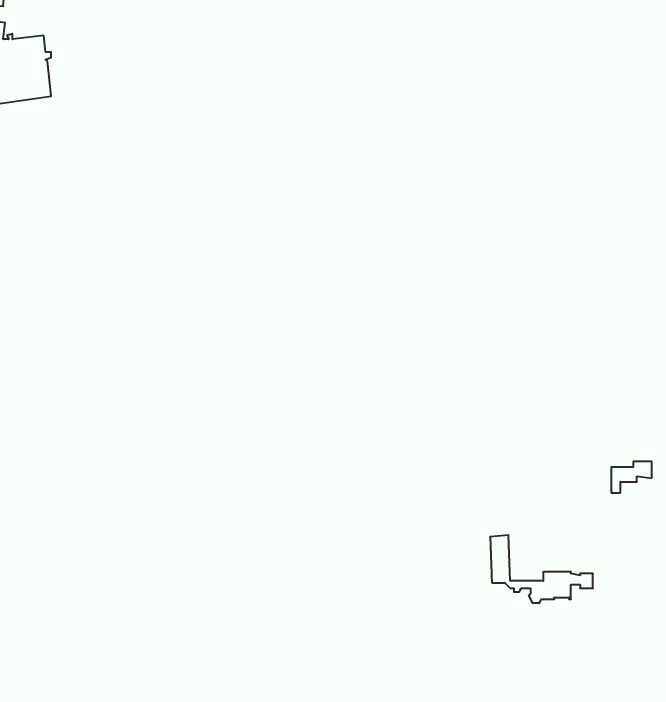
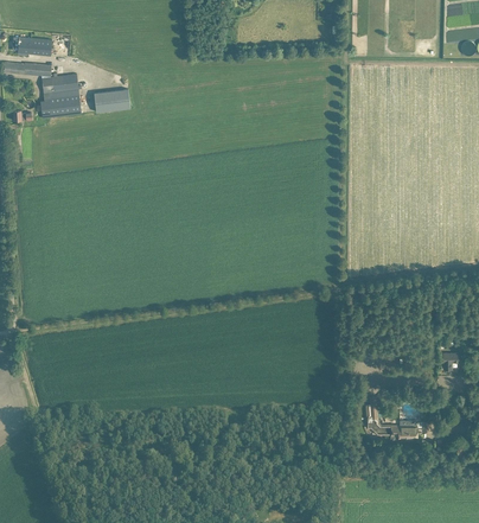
building: none -> [94,89,129,111]

